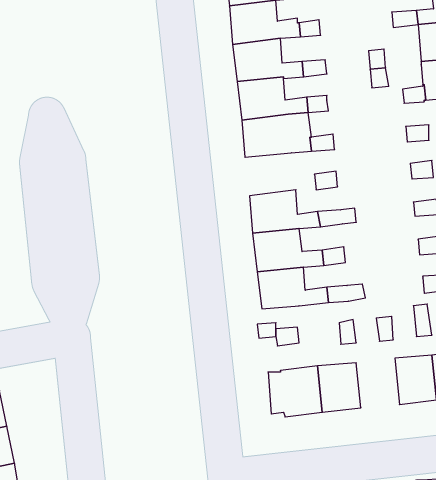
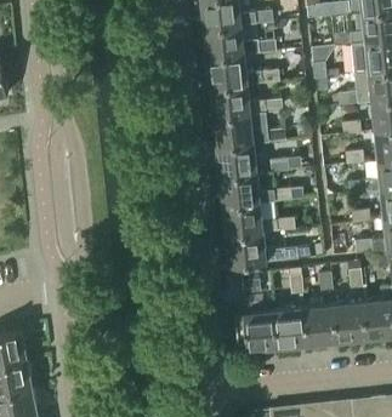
building: none -> [216,143,256,177]
building: none -> [303,304,337,343]

